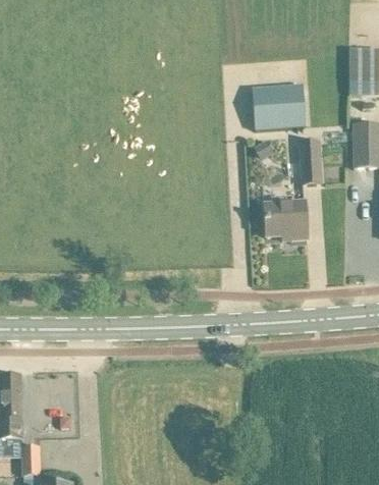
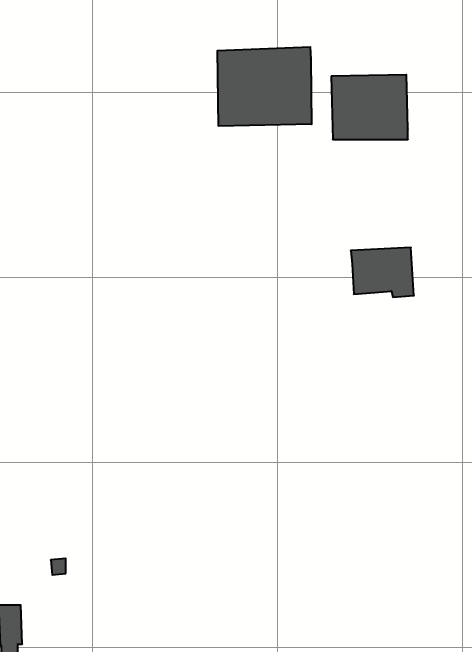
building: none -> [217,47,312,126]
building: [301,139,321,181] -> none

